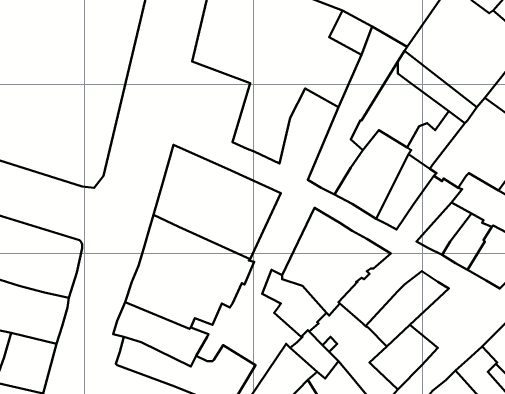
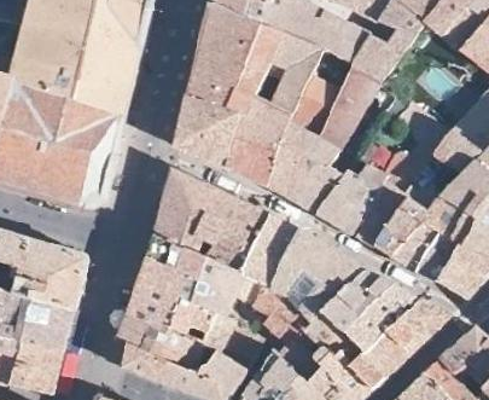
building: none -> [176,94,240,167]
building: none -> [267,118,320,201]
building: none -> [372,197,431,256]
building: none -> [235,213,298,303]
building: none -> [320,267,395,332]
building: none -> [384,298,448,352]
building: none -> [202,312,261,367]

